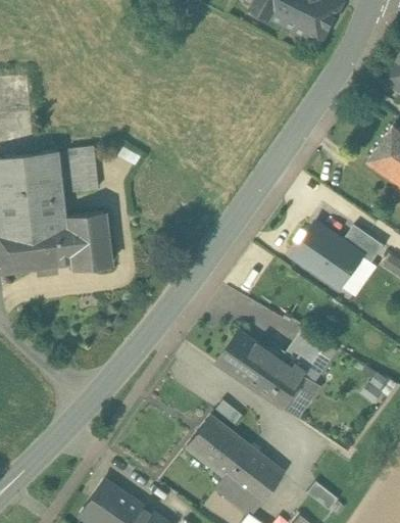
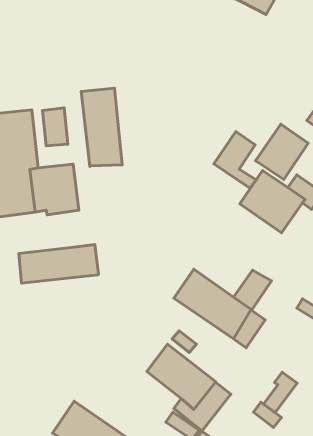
building: none -> [81,88,122,167]
building: none -> [256,124,308,180]
building: none -> [214,132,256,188]
building: none -> [19,244,98,283]
building: none -> [263,372,297,413]

